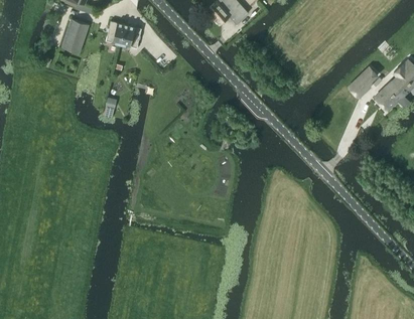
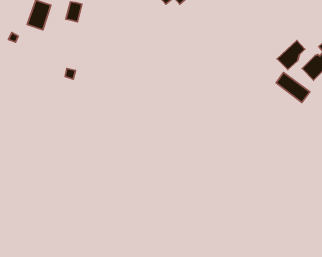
building: [118,24,141,48] -> none
building: none -> [276,73,310,103]

